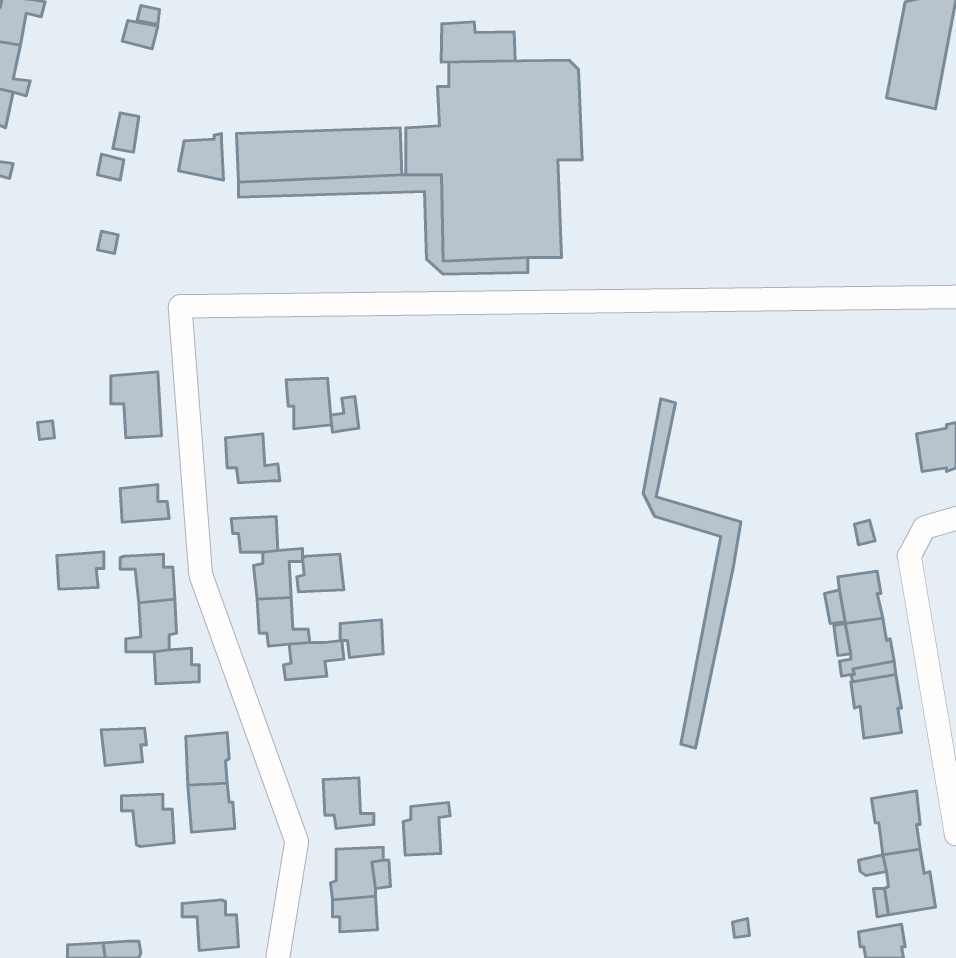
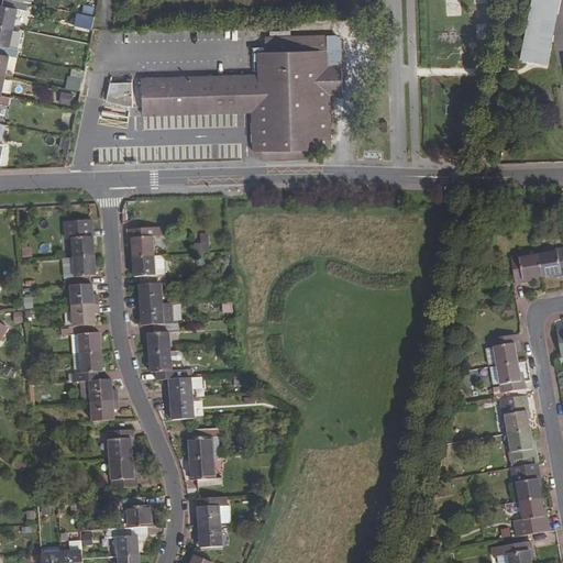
building: [441,22,515,62] -> none
building: [286,378,331,429] -> [128,227,154,256]
building: [643,399,741,748] -> none
building: none -> [508,254,540,283]
building: none -> [66,255,97,286]
building: [57,552,104,589] -> [71,303,99,325]
building: [297,554,344,592] -> [134,282,162,303]
building: [340,620,383,657] -> [167,396,192,418]
building: [101,728,146,766] -> [91,399,118,421]
building: none -> [500,429,537,468]
building: [122,794,174,847] -> [121,497,152,528]
building: [403,803,450,855] -> [188,426,216,456]

